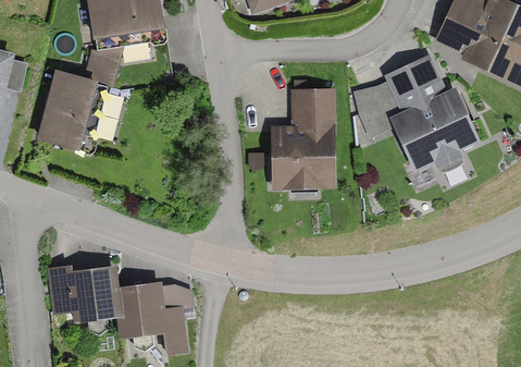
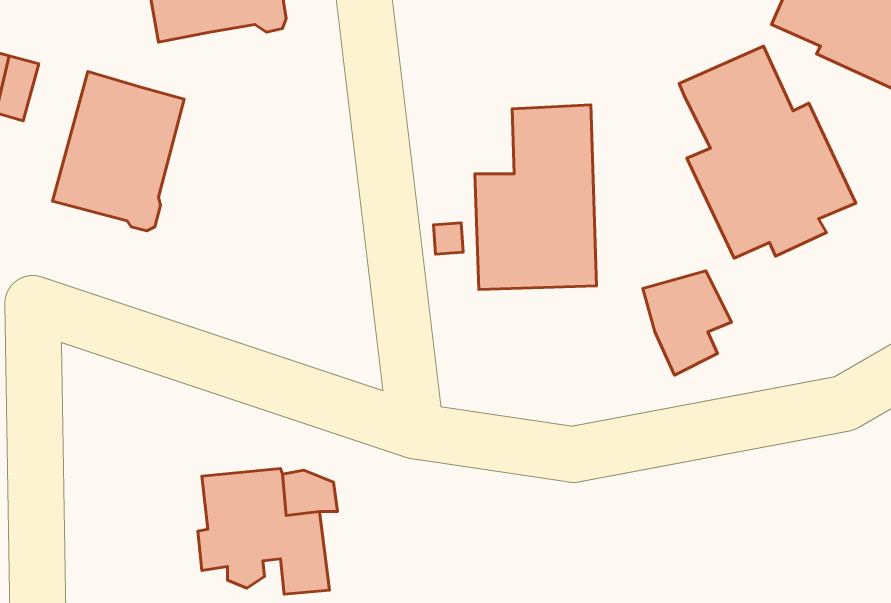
building: [85,44,123,81] -> none
building: [351,79,400,137] -> [643,271,731,375]
building: [46,269,122,335] -> none

